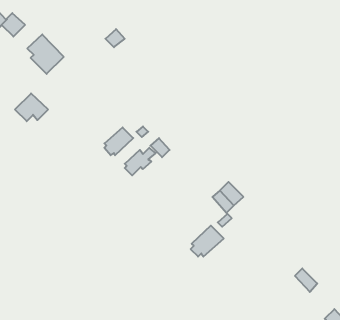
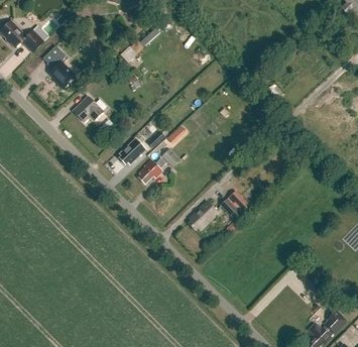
building: [15,93,48,121] -> [74,95,105,121]
building: [191,226,224,257] -> [189,200,220,229]

